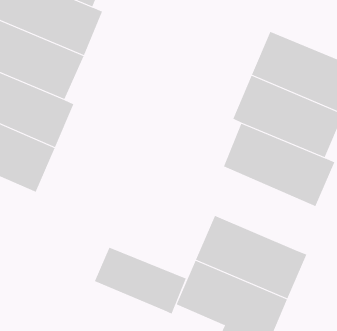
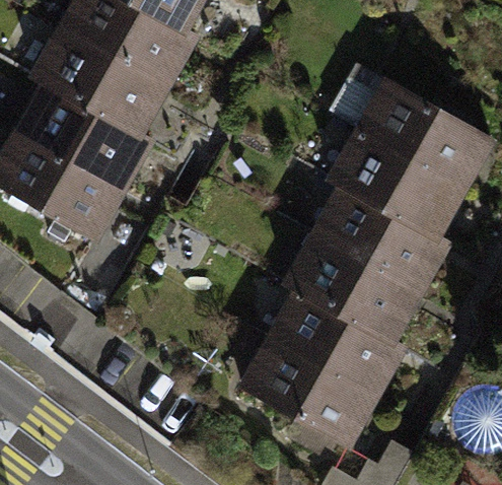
building: none -> [288,232,419,340]
building: [94,247,186,314] -> none

